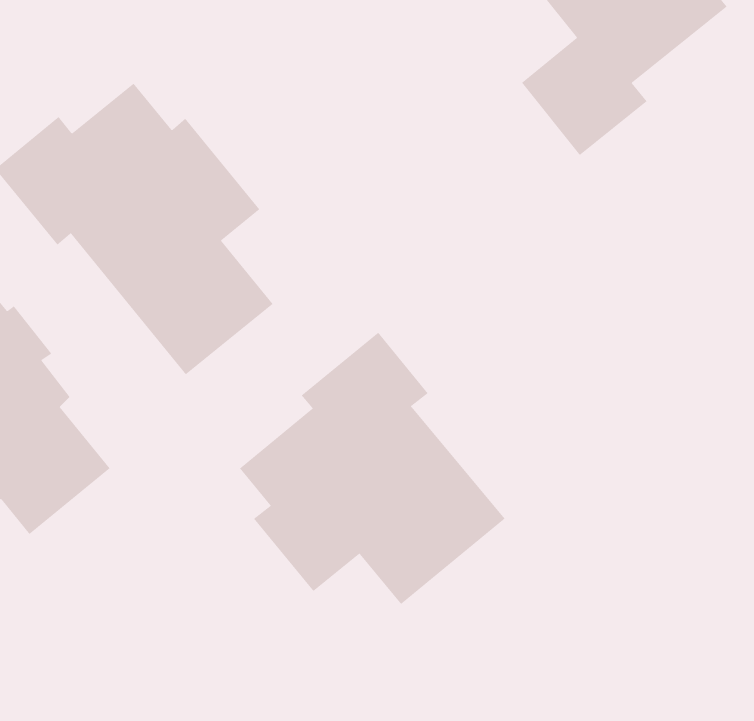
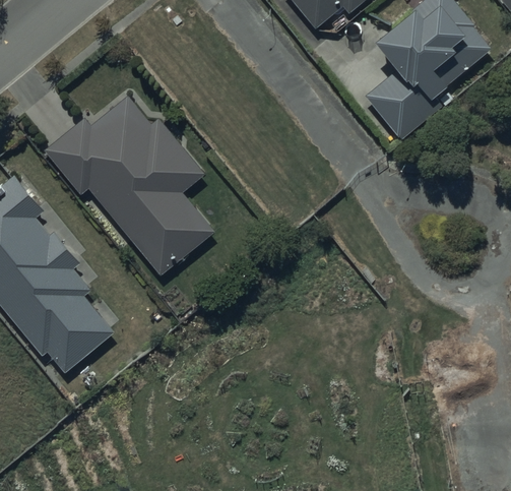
building: [239,332,505,605] -> none

